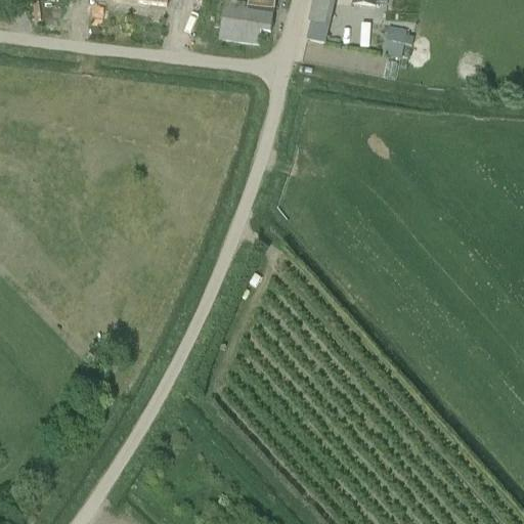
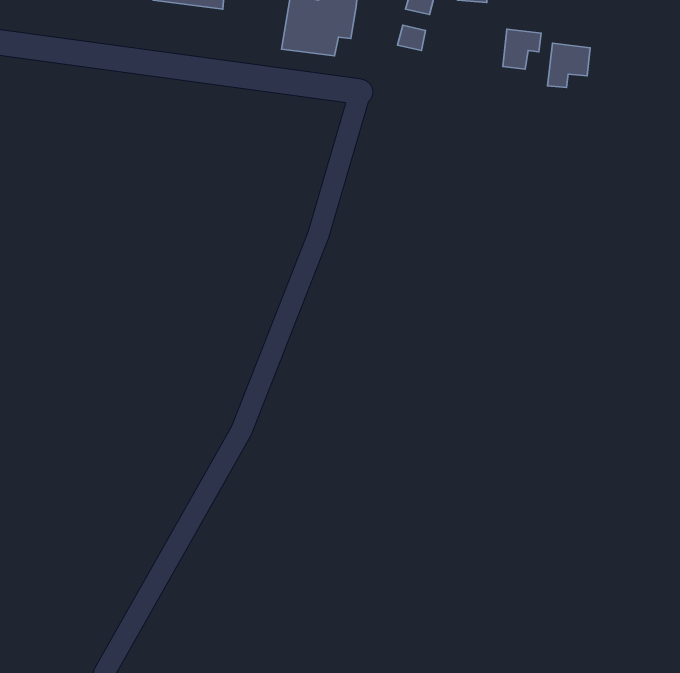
building: none -> [548,43,590,87]

